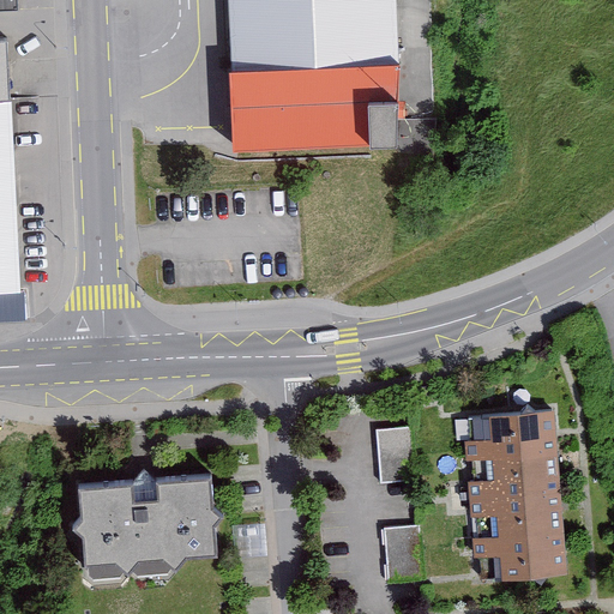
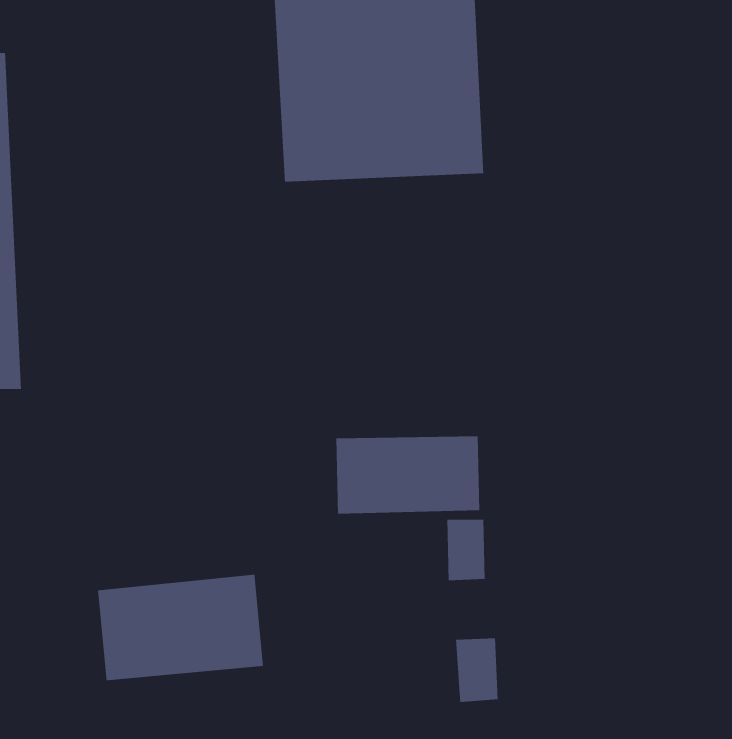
building: none -> [335,436,480,514]
building: [458,414,559,576] -> none

